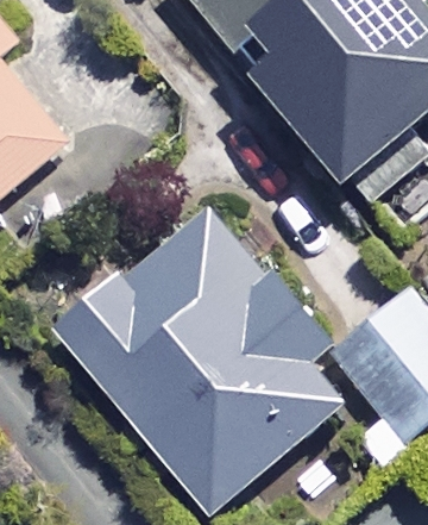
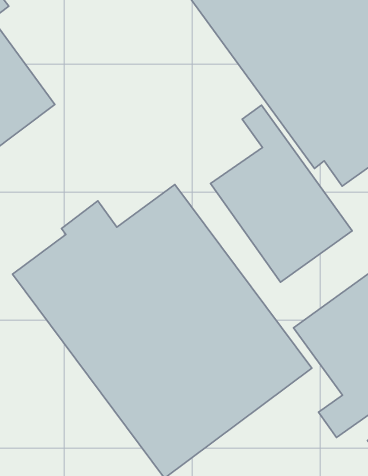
building: none -> [210,105,352,282]

